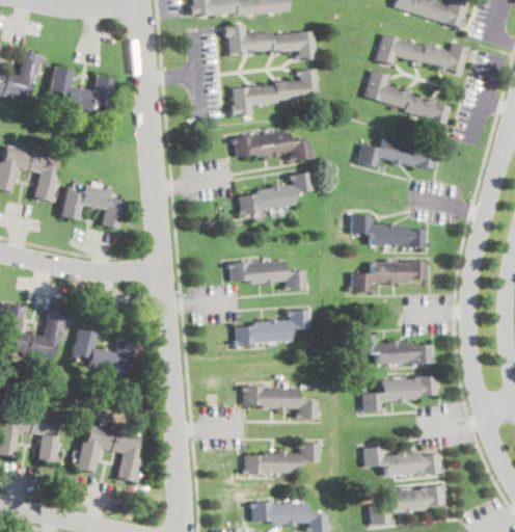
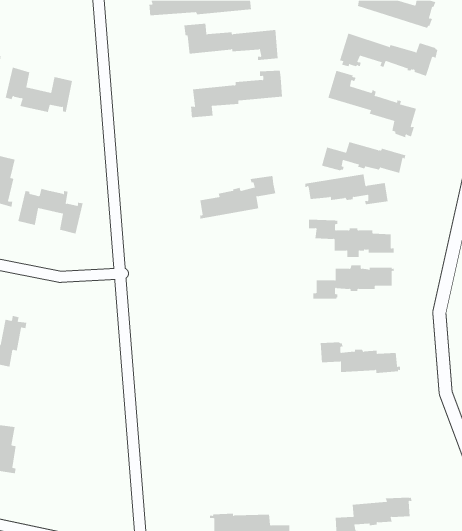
building: [229,130,311,160] -> [305,174,389,205]
building: [225,260,304,289] -> none
building: [232,308,308,345] -> none
building: [71,327,137,374] -> none
building: [361,375,437,413] -> none
building: [239,385,316,418] -> none
building: [73,425,140,482] -> none
building: [241,442,319,474] -> none
building: [362,446,442,476] -> none

